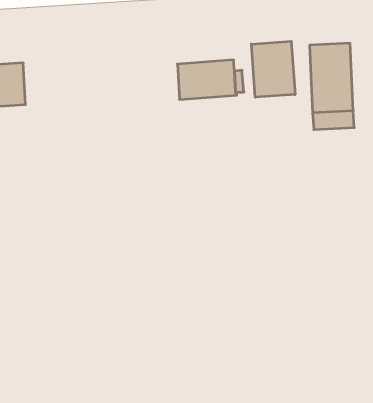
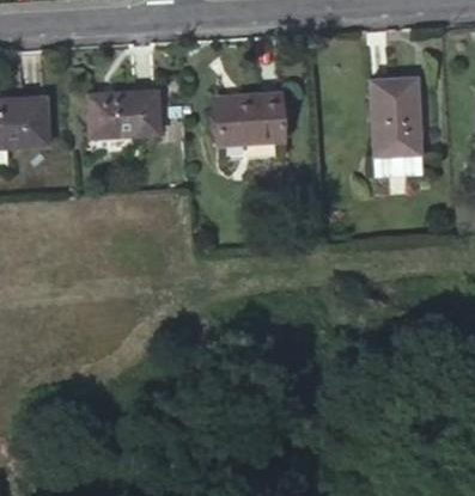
building: [251,41,295,97] -> none
building: none -> [86,92,154,142]

